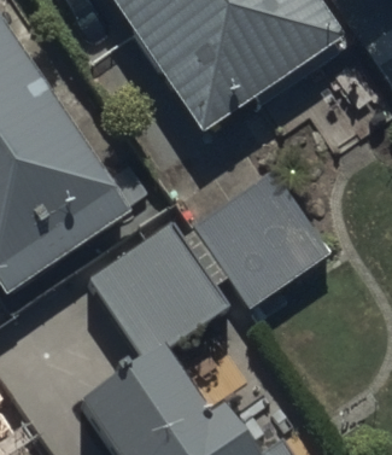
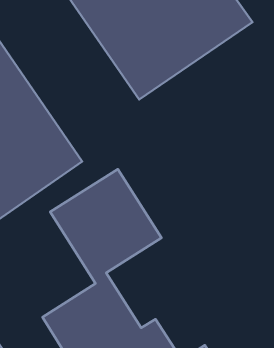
building: [197,167,332,304] -> none

